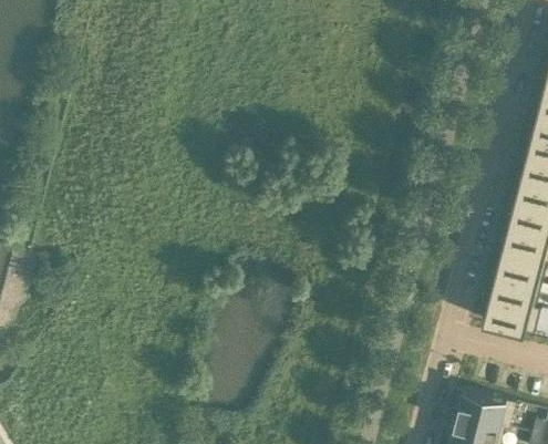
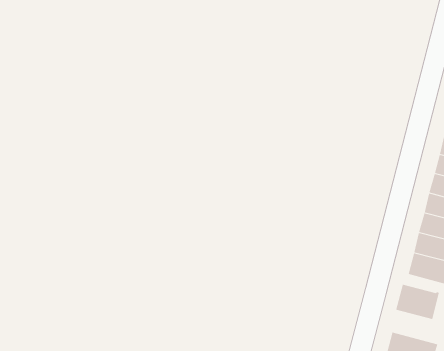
building: none -> [395,284,439,320]

